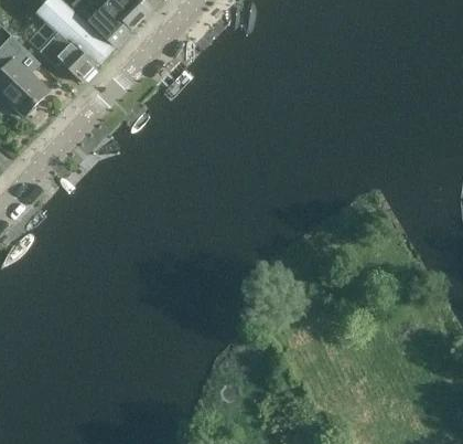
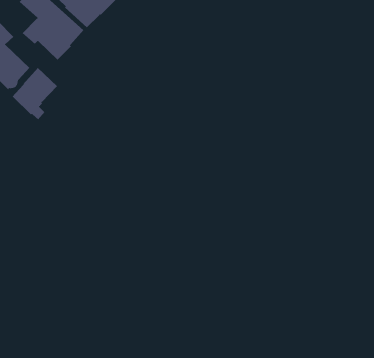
building: none -> [12,67,58,120]

